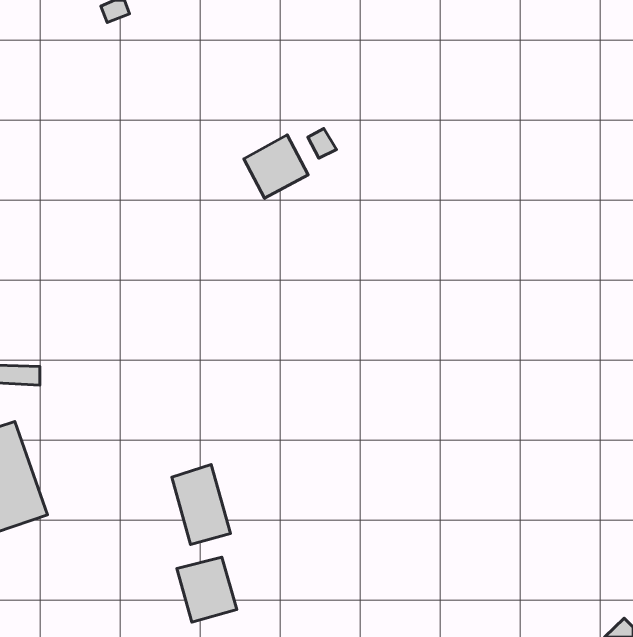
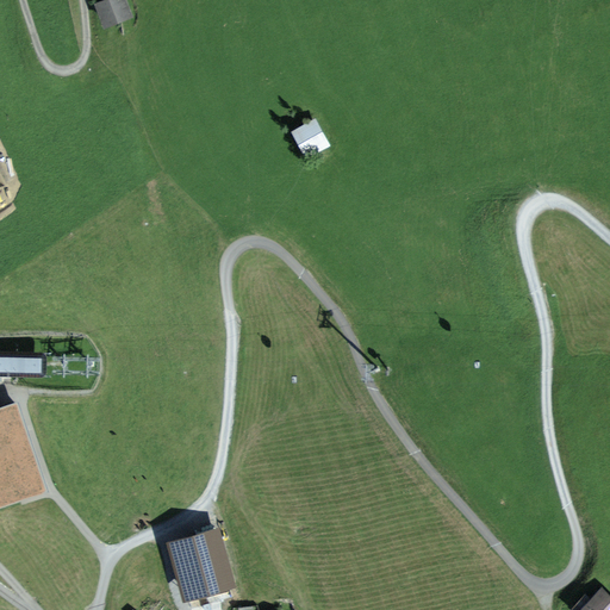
building: [244,135,308,198] -> none
building: [172,464,230,545] -> none

